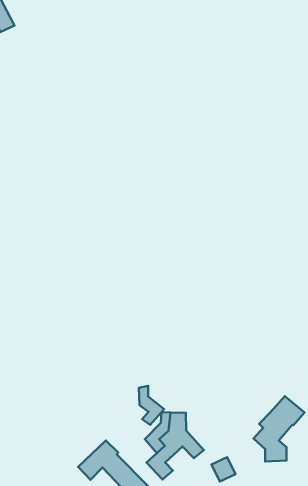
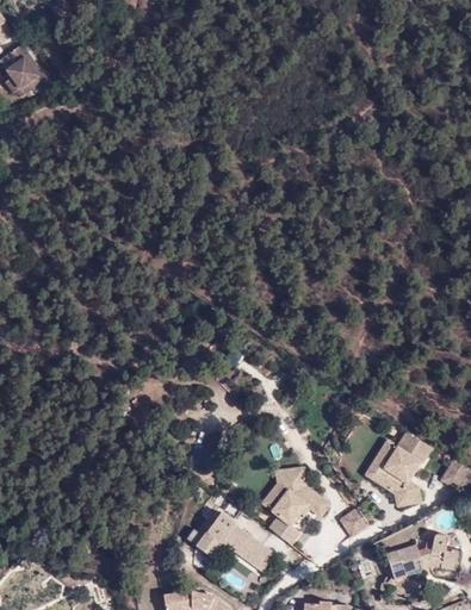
building: [139,386,164,425] -> none
building: none -> [364,444,392,483]

